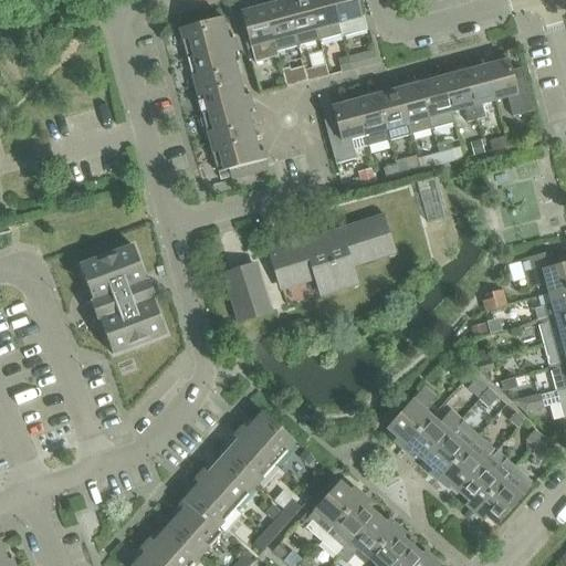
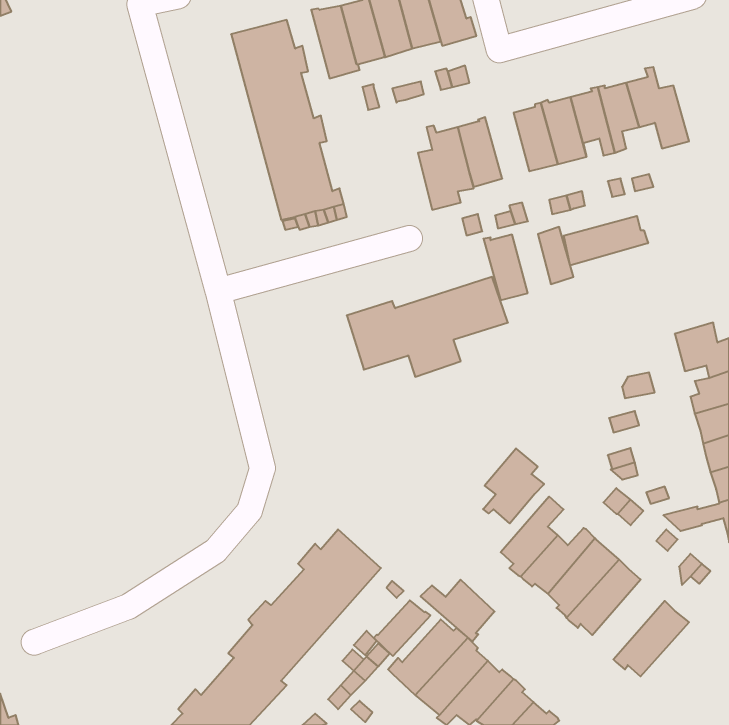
building: [376,87,410,138] -> [483,235,528,300]
building: none -> [564,216,648,265]
building: [80,243,166,353] -> none
building: [224,263,271,319] -> none
building: none -> [483,448,544,523]
building: [459,449,515,511] -> none
building: none -> [421,580,495,642]
building: none -> [374,600,430,656]

